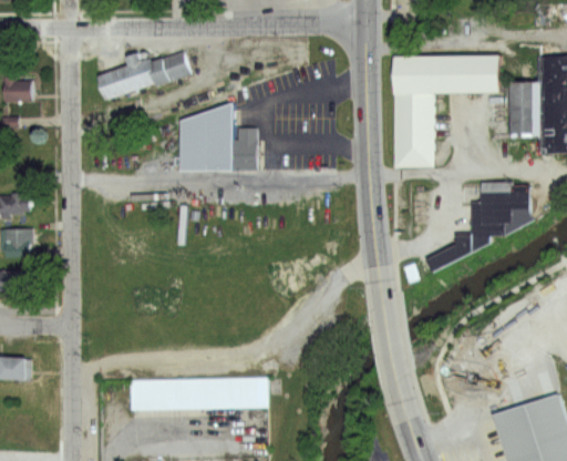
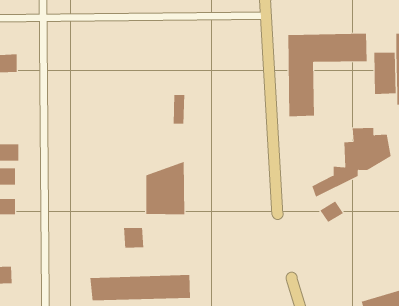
building: [96,44,190,101] -> none
building: [181,99,234,171] -> [146,161,185,215]
building: none -> [320,201,344,223]
building: none -> [123,227,144,249]

